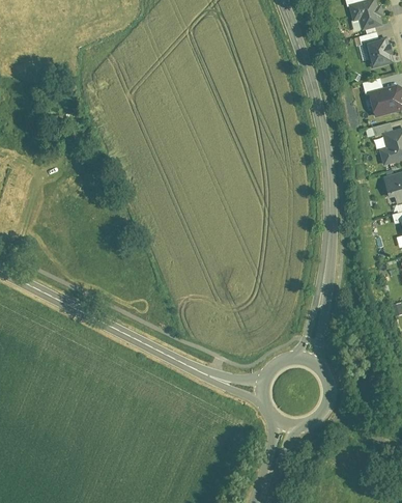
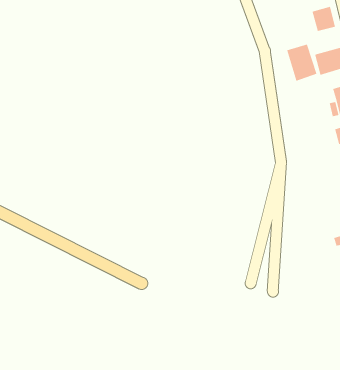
building: none -> [286,43,318,82]

